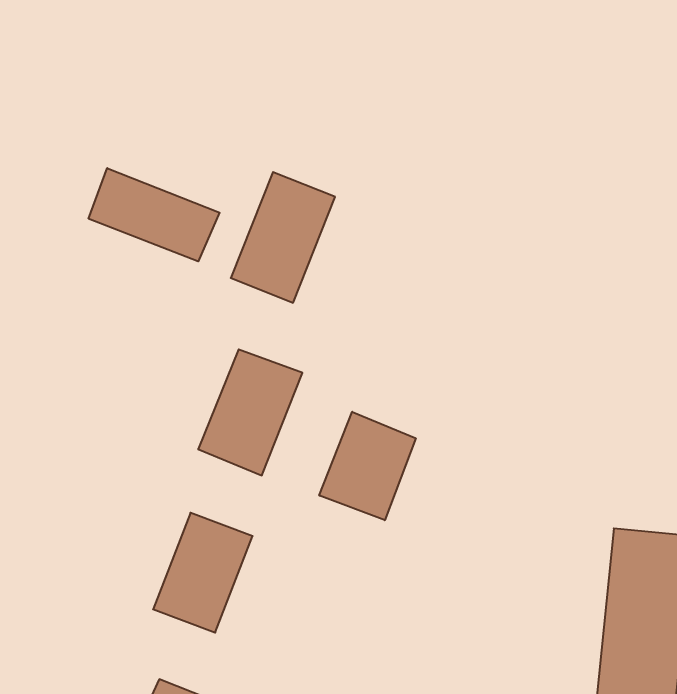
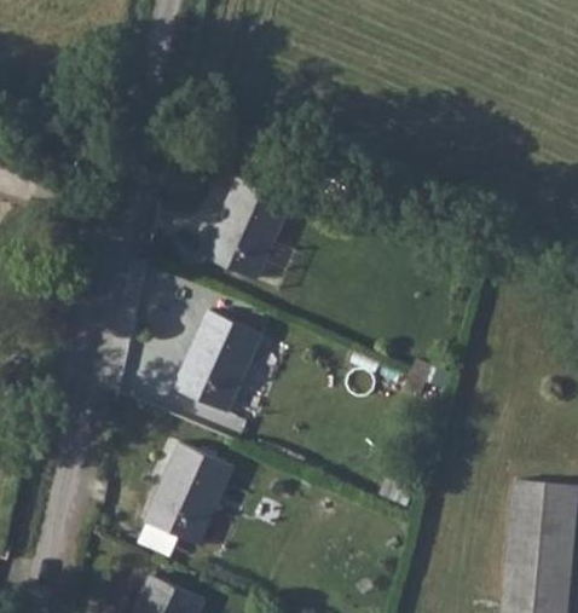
building: [89,168,220,261] -> none
building: [319,412,416,520] -> none

